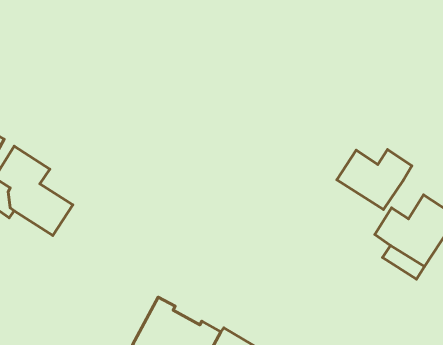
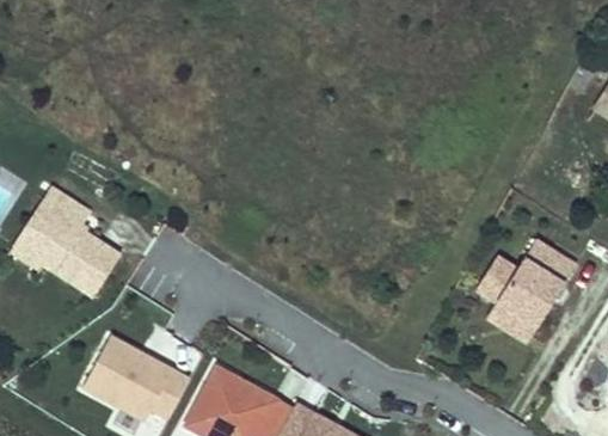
building: [337,150,412,210] -> none
building: none -> [93,336,199,419]

